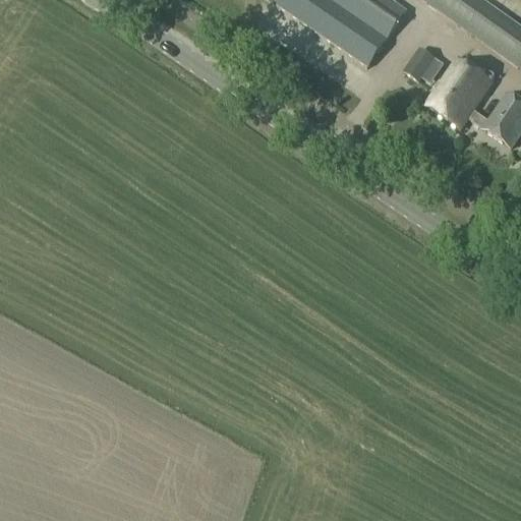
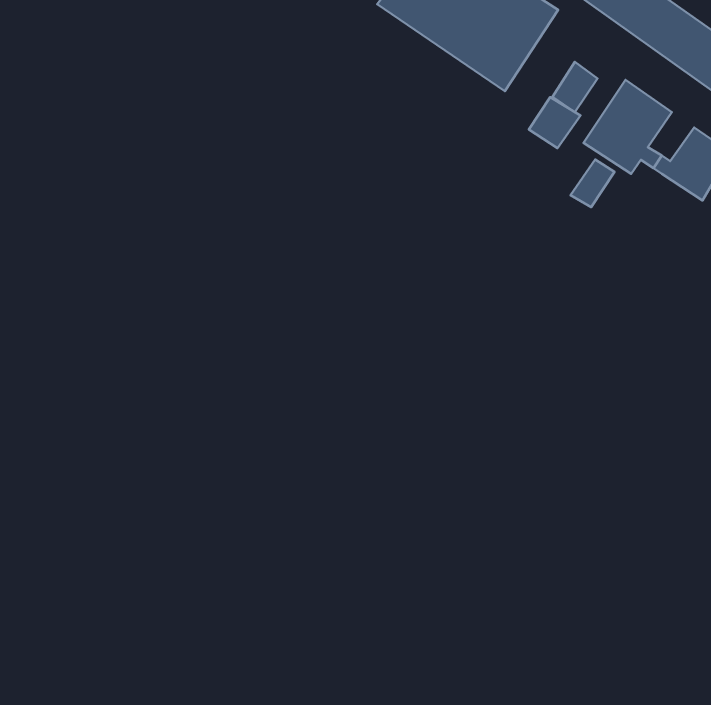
building: none -> [529,97,581,148]
building: none -> [571,160,614,207]

